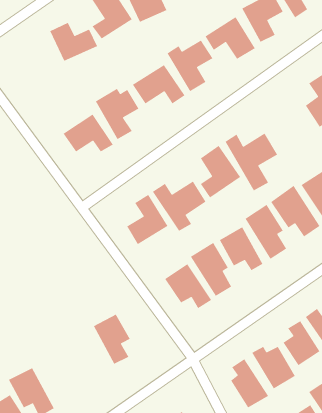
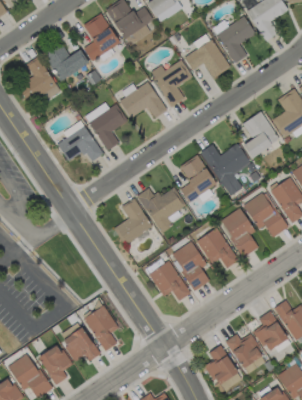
building: none -> [19,56,60,103]
building: none -> [242,111,280,157]
building: none -> [62,327,100,362]
building: none -> [38,344,71,384]

